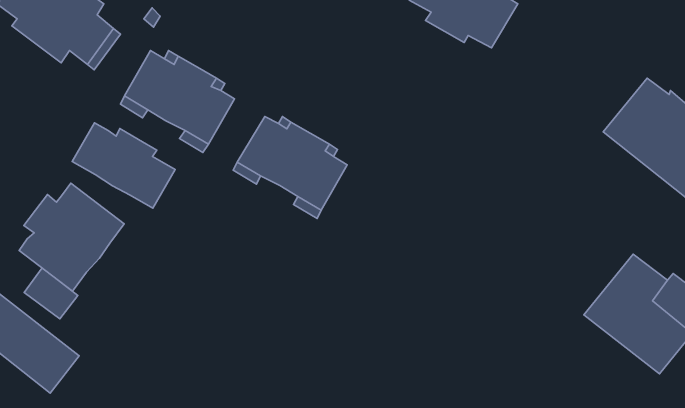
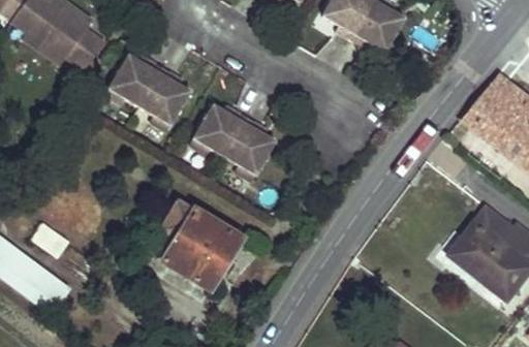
building: [72,123,175,208] -> none
building: [19,183,124,291] -> none
building: none -> [159,199,241,289]

